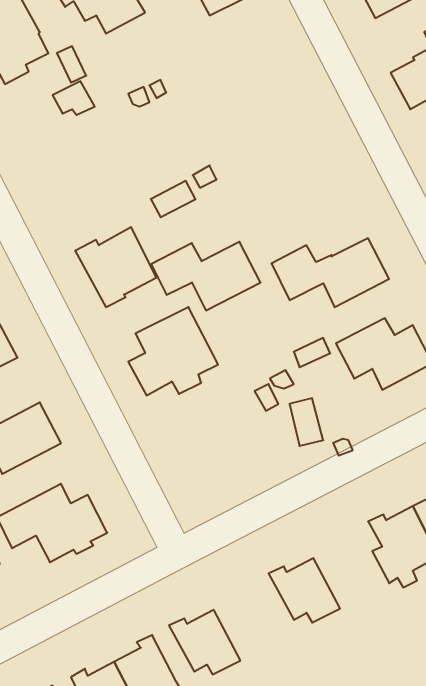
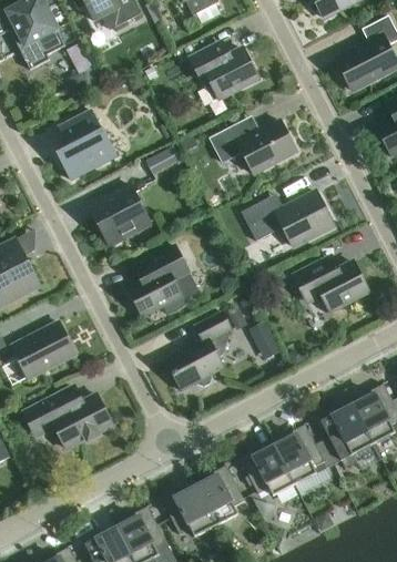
building: none -> [190,44,257,99]
building: none -> [57,110,116,180]
building: [151,242,261,310] -> [210,120,296,174]
building: none -> [164,311,231,390]
building: none -> [274,423,334,484]
building: none -> [195,464,244,525]

